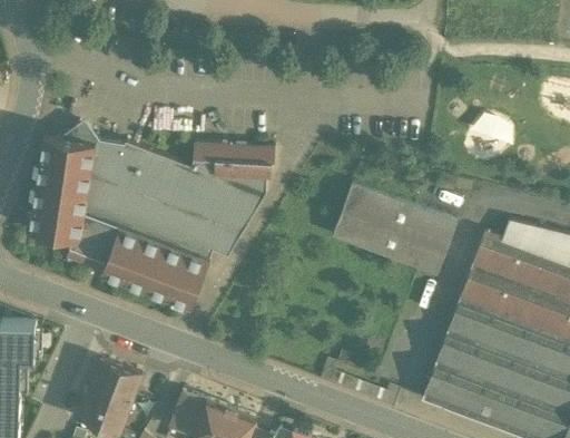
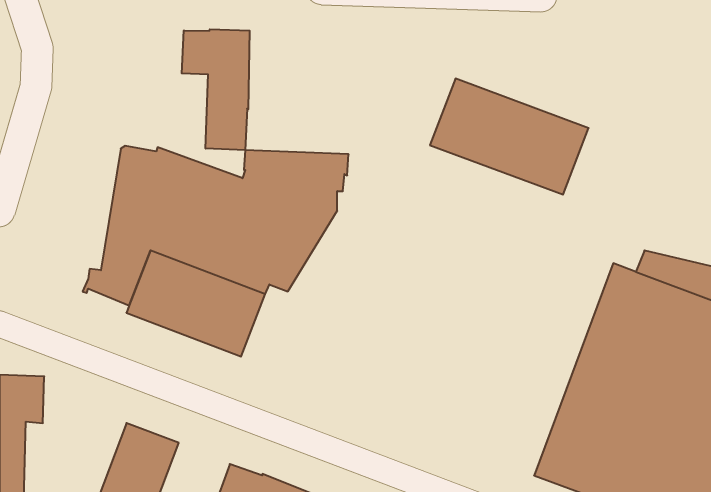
building: none -> [182,29,250,150]
building: [29,126,96,237] -> none
building: [332,183,456,274] -> [430,79,589,195]

